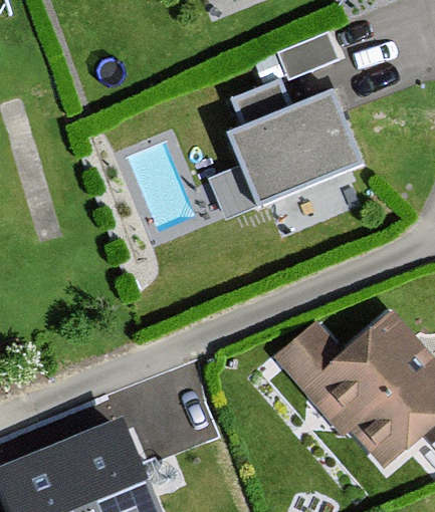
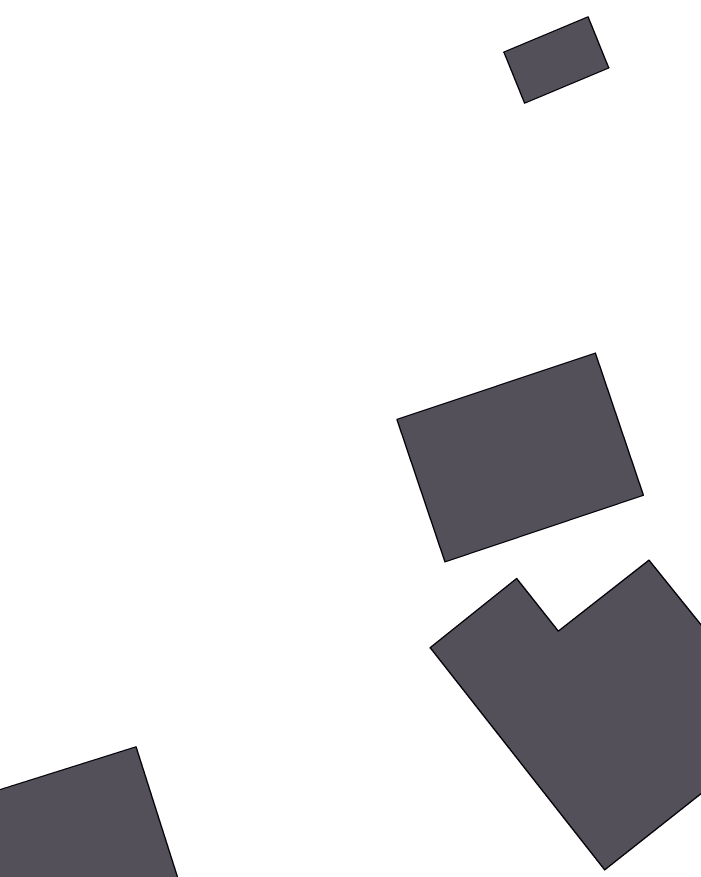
building: [220,90,354,207] -> [397,353,643,562]

